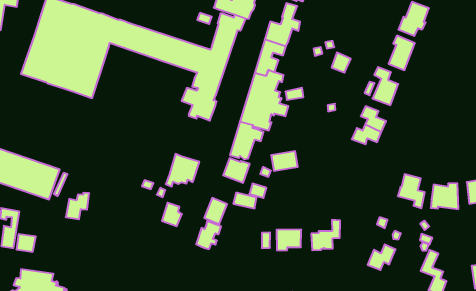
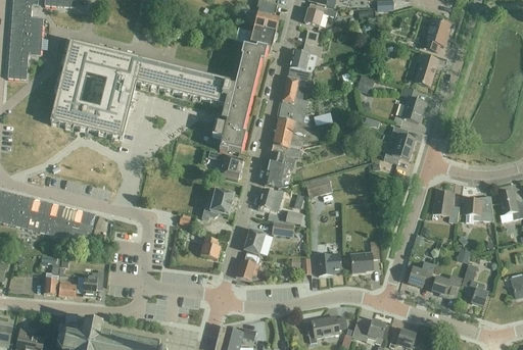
building: none -> [208,150,243,179]
building: [66,193,89,219] -> [83,269,104,296]
building: none -> [432,277,462,296]

